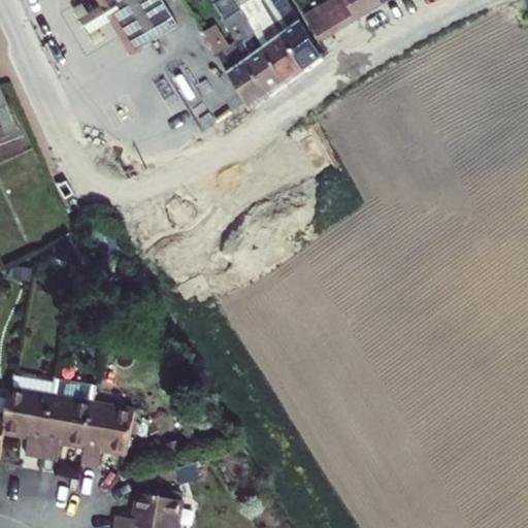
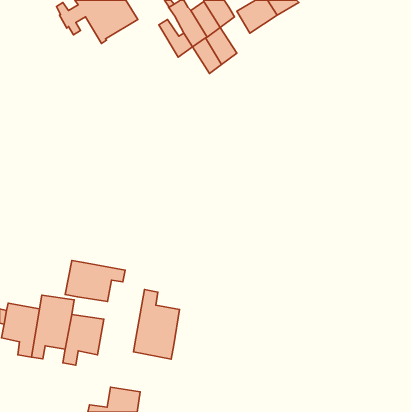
building: [282,22,321,68] -> none
building: [228,60,268,108] -> none
building: none -> [65,260,125,302]
building: none -> [133,289,180,359]

